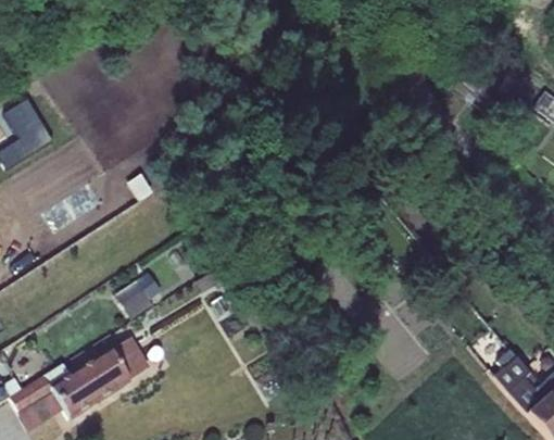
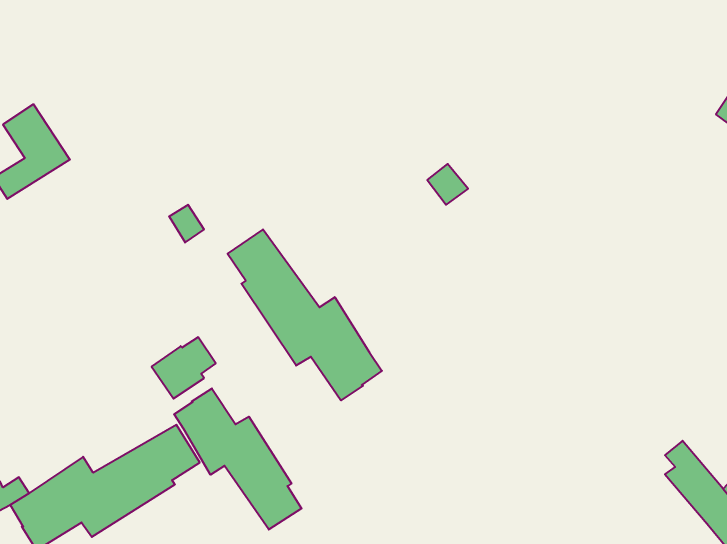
building: none -> [228,229,382,400]
building: none -> [174,388,302,530]

